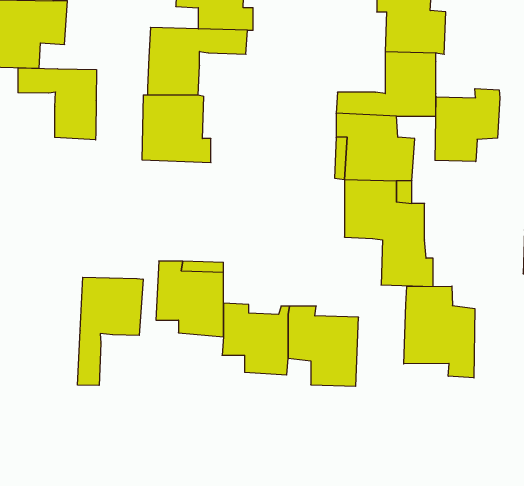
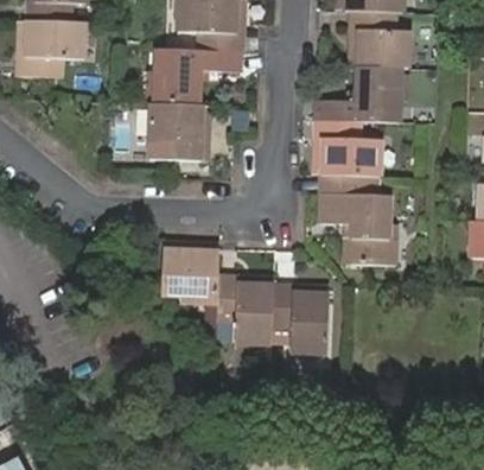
building: [18,68,96,140] -> none
building: [435,89,500,162] -> none
building: [78,277,143,385] -> none
building: [404,286,475,378] -> none

